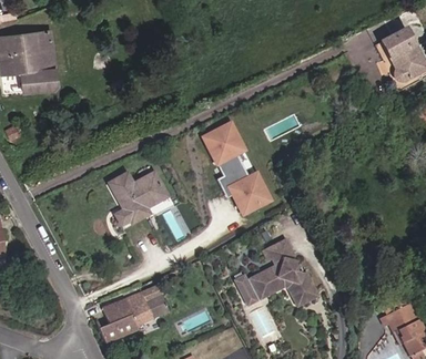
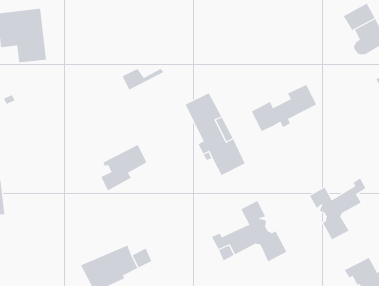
building: none -> [251,84,317,132]
building: [106,176,153,201] -> [122,68,164,91]
building: none -> [309,177,366,240]

